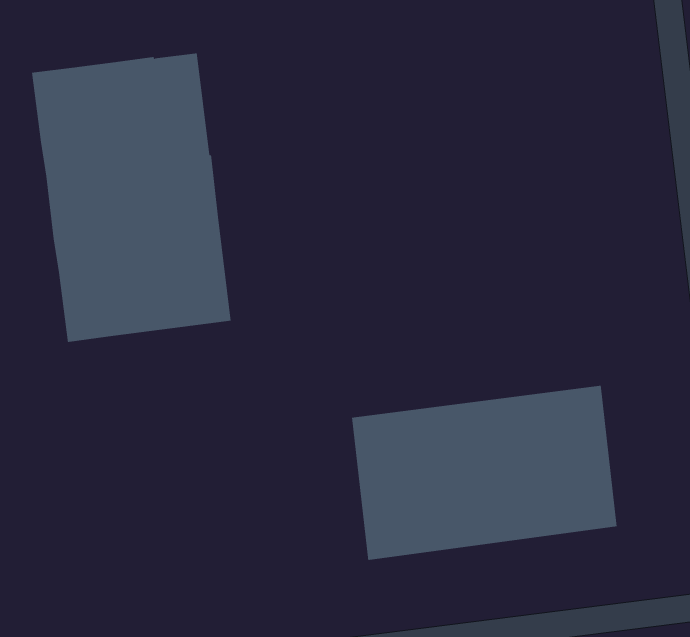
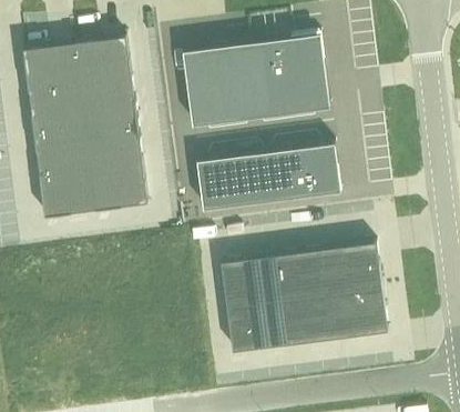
building: none -> [184,36,330,127]
building: none -> [197,144,337,210]

